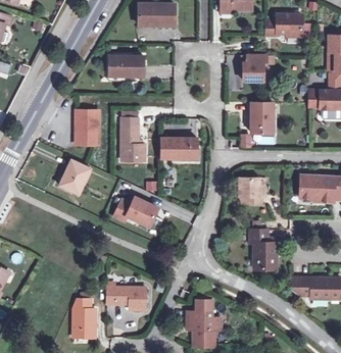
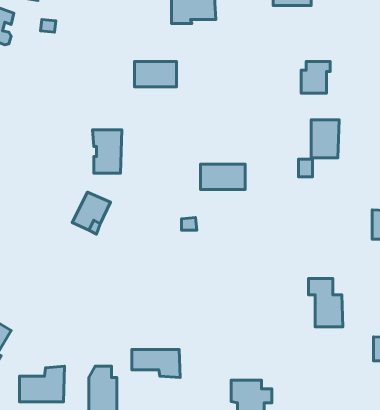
building: [266,14,302,35] -> none
building: [121,118,146,160] -> none
building: [239,177,262,202] -> none
building: [114,196,157,225] -> none
building: none -> [20,366,65,402]

